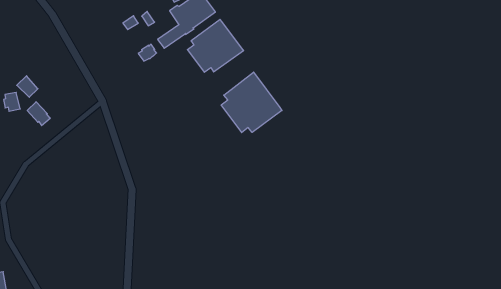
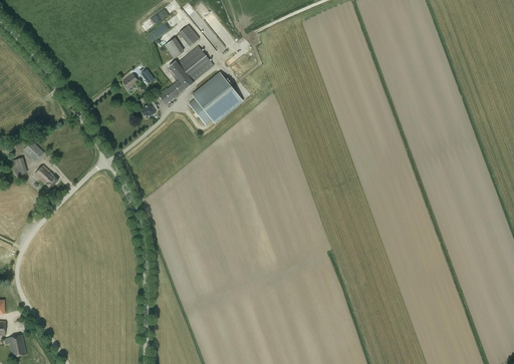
building: [221,72,282,133] -> none

